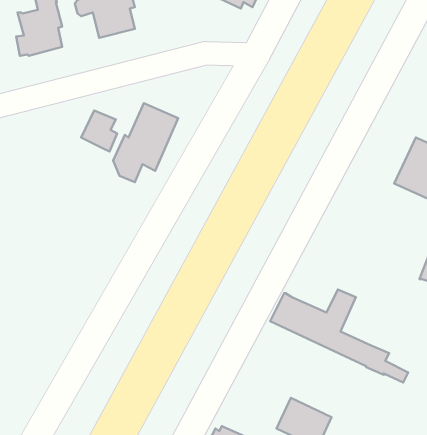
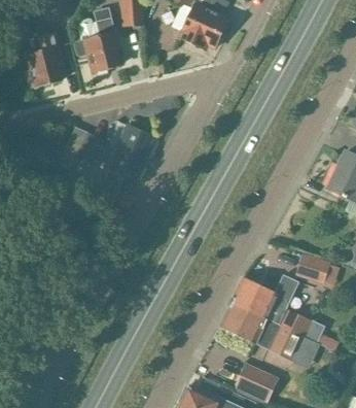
building: none -> [295,253,330,284]
building: none -> [218,301,306,362]

